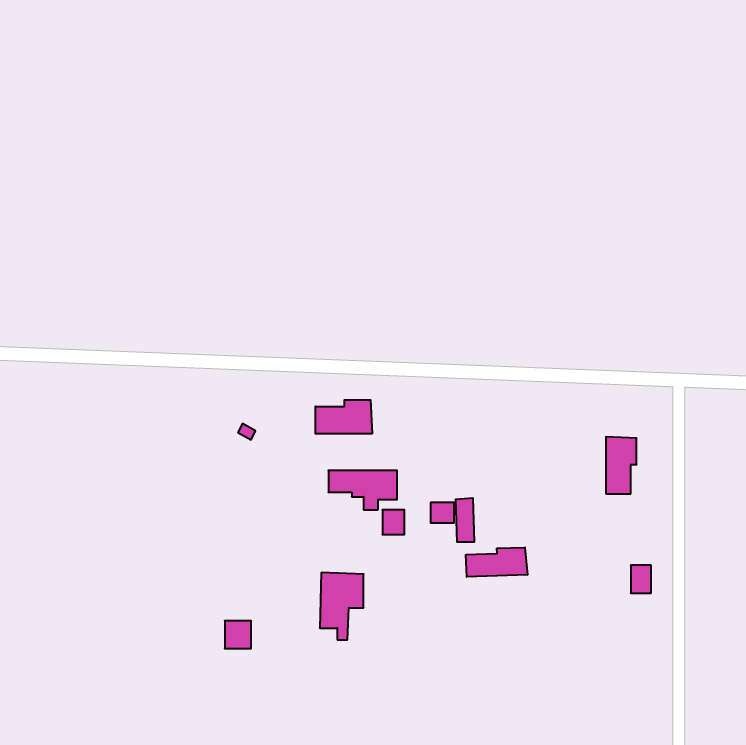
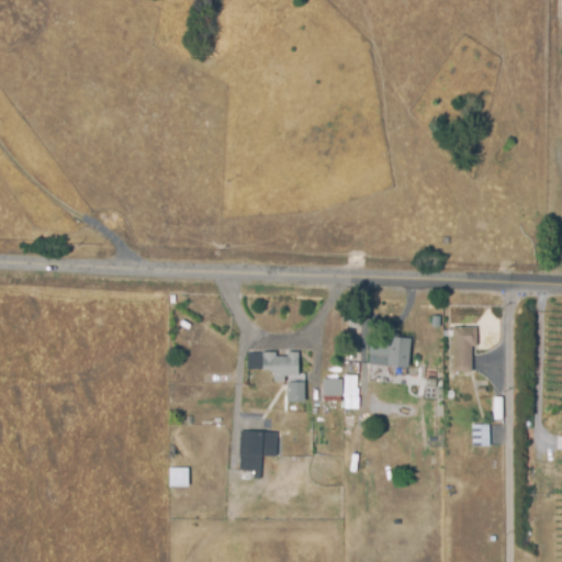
building: [315,400,372,434] -> none
building: none -> [369,335,404,368]
building: [466,547,527,577] -> none

